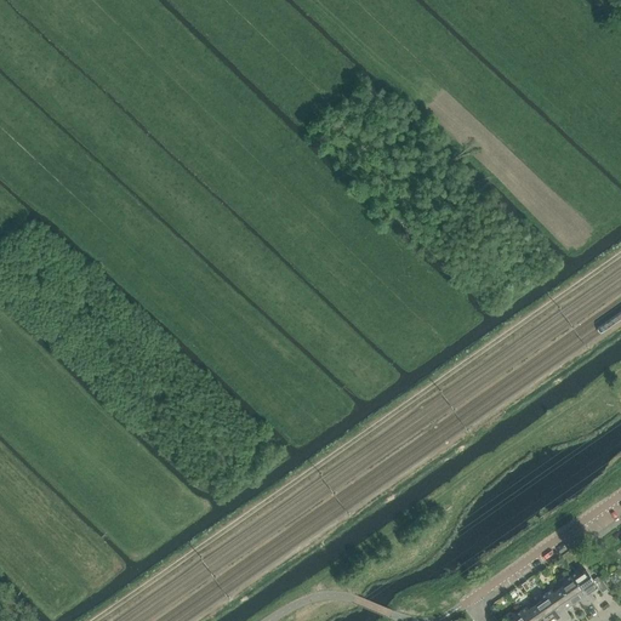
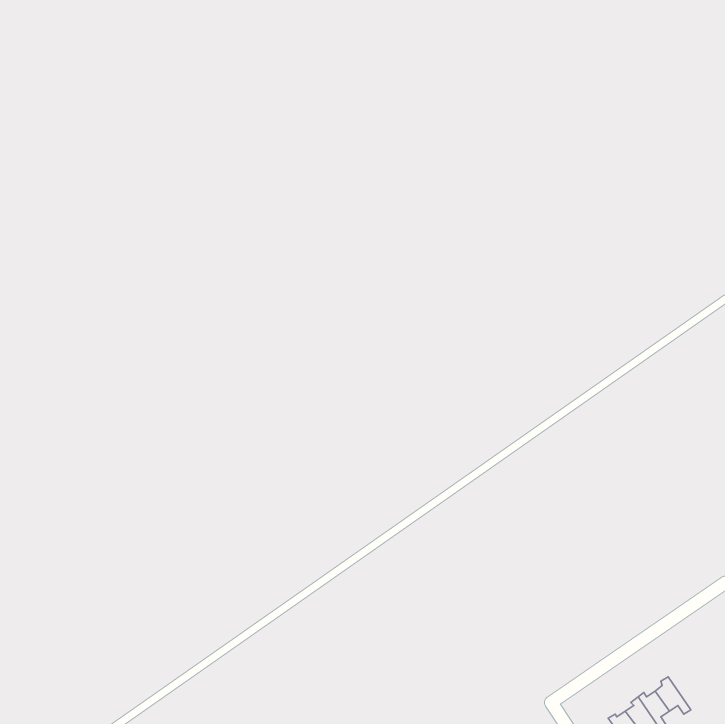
building: [569,574,605,608] -> none

